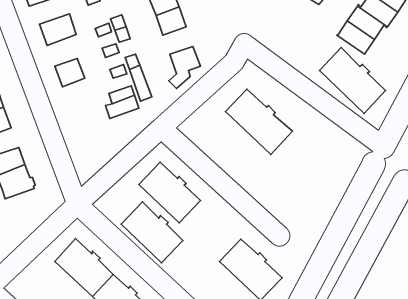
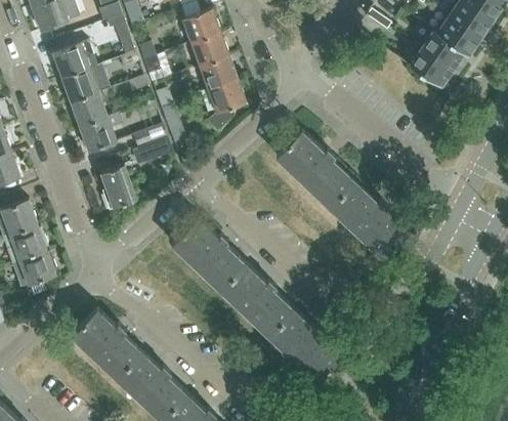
building: none -> [200,56,236,89]
building: none -> [61,65,109,103]
building: [320,47,386,113] -> [329,181,408,260]
building: none -> [80,114,122,153]
building: none -> [99,166,137,211]
building: none -> [11,250,56,288]
building: [121,202,183,263] -> [219,264,293,337]

